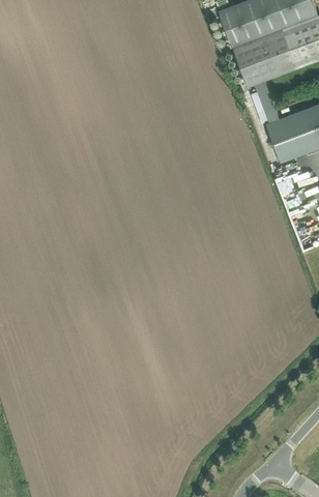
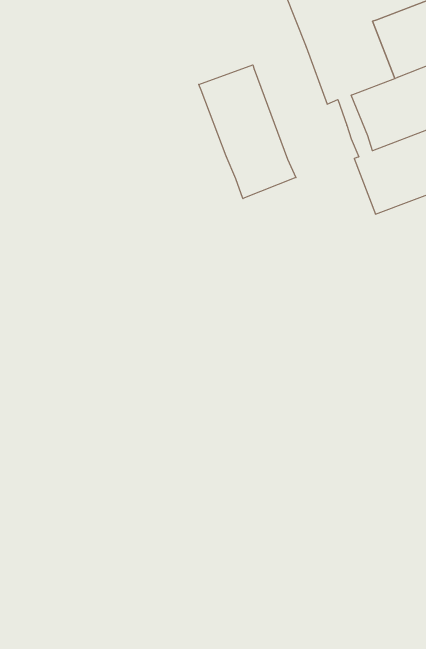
building: none -> [199,65,296,199]

